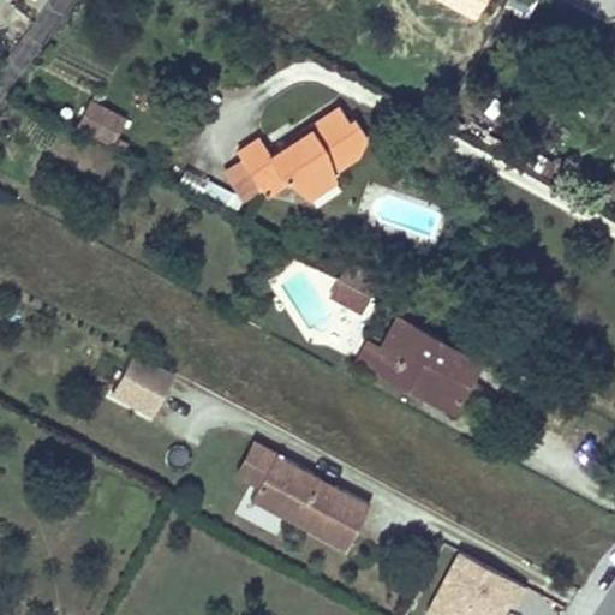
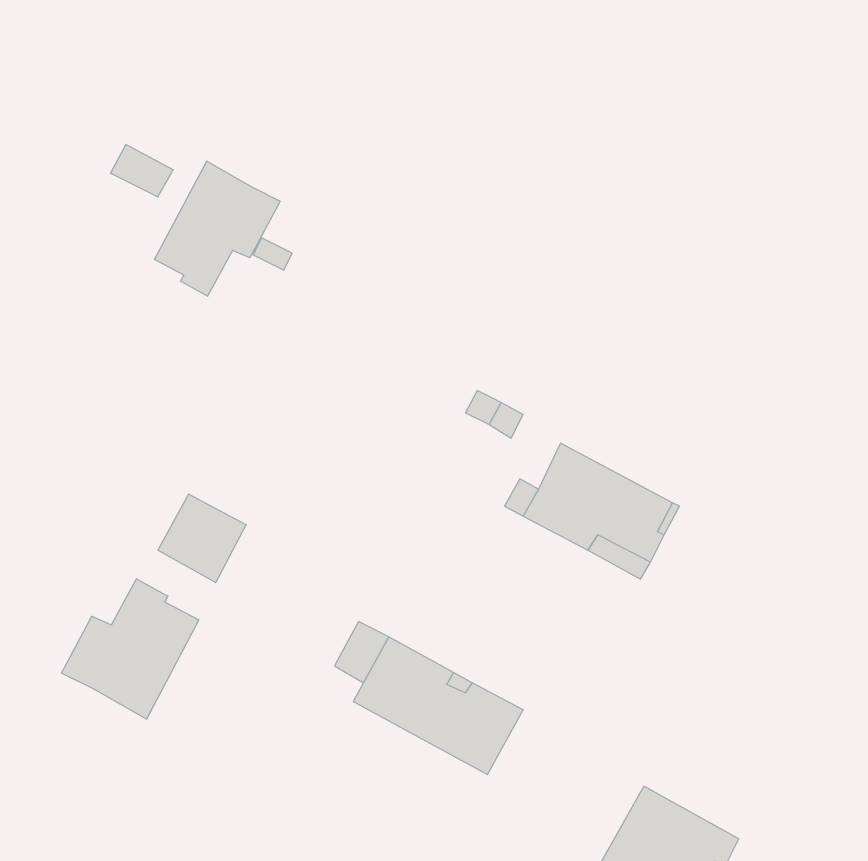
building: [237,111,365,199] -> none
building: none -> [154,161,280,296]
building: none -> [62,579,199,719]

